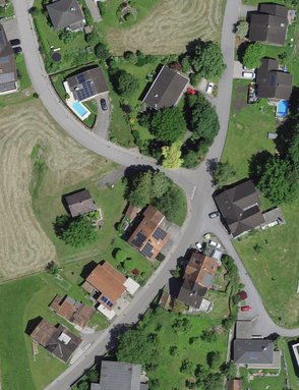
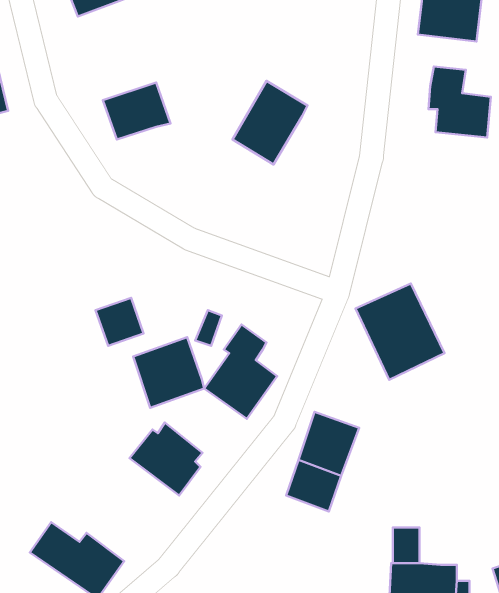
building: none -> [133,337,204,408]
building: [50,293,96,329] -> none

